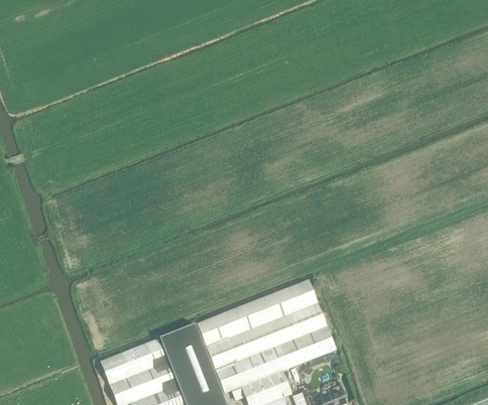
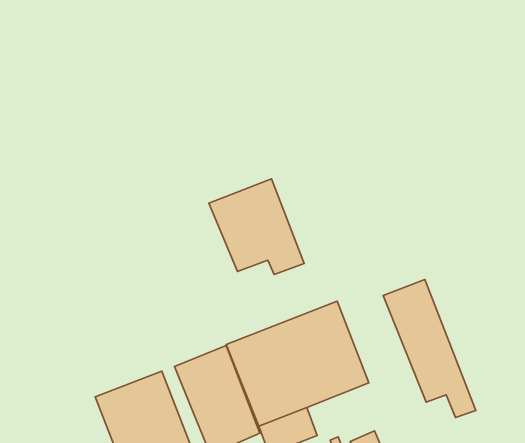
building: none -> [209,179,304,275]
building: none -> [383,280,476,418]

